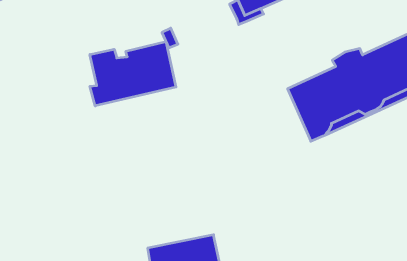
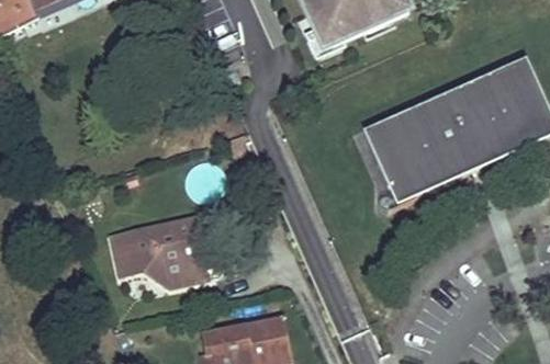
building: [90,41,176,106] -> none
building: none -> [112,216,222,285]

